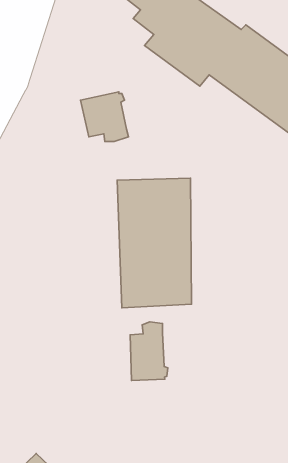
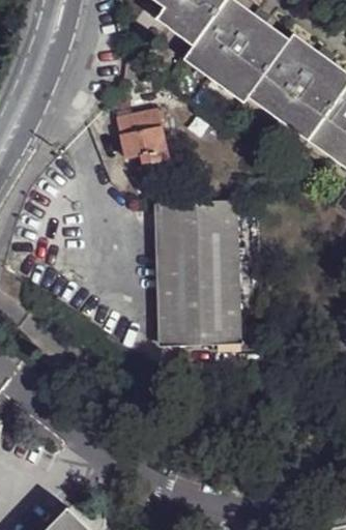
building: [130,322,168,381] -> none

